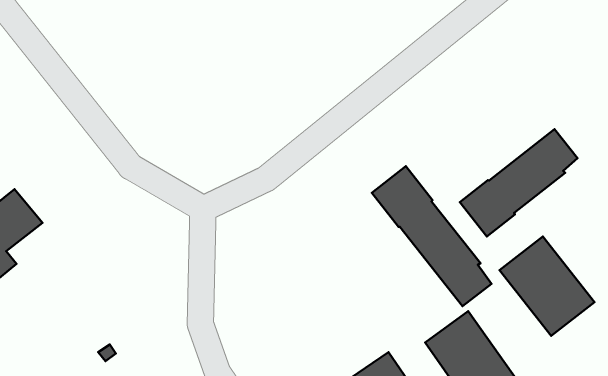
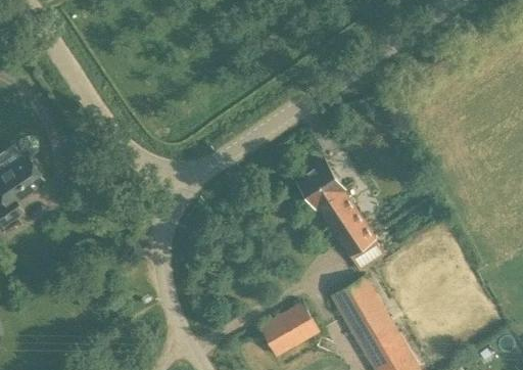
building: [460,129,578,237] -> none
building: [500,237,595,336] -> none

